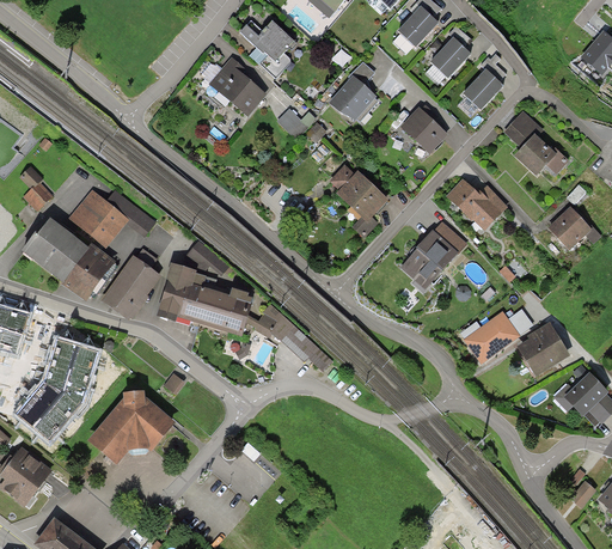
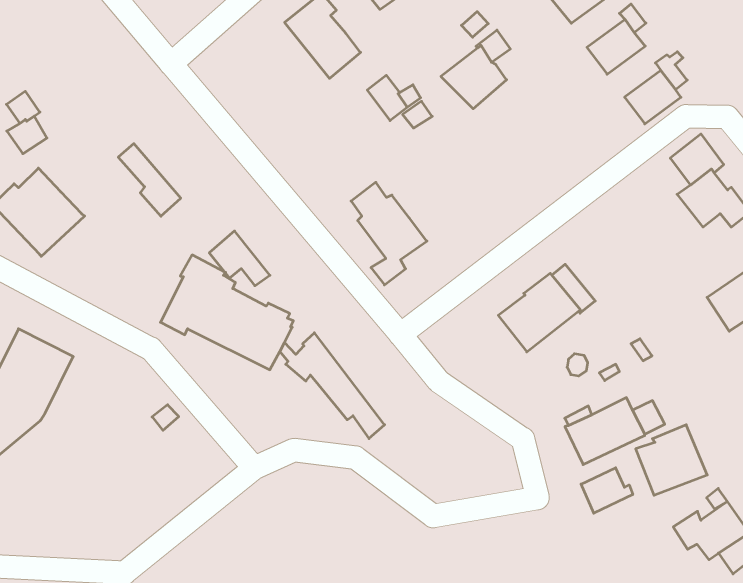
building: [400,106,447,154] -> none
building: [329,164,388,237] -> [351,182,427,285]
building: [445,178,507,230] -> none
building: [67,189,128,248] -> none
building: [60,243,115,301] -> none
building: [100,248,160,321] -> none
building: none -> [581,468,633,513]
building: [87,391,175,465] -> none

